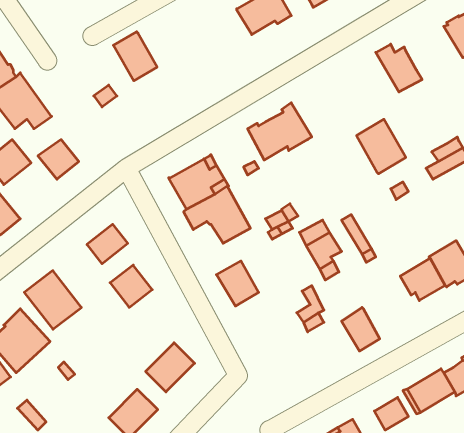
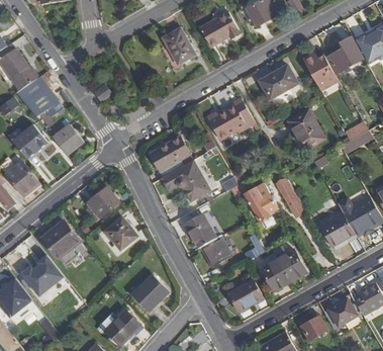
building: none -> [324,36,359,74]
building: [113,32,157,81] -> [162,27,194,64]
building: none -> [260,65,297,98]
building: none -> [200,235,231,267]
building: none -> [260,259,290,290]
building: none -> [225,275,262,311]

